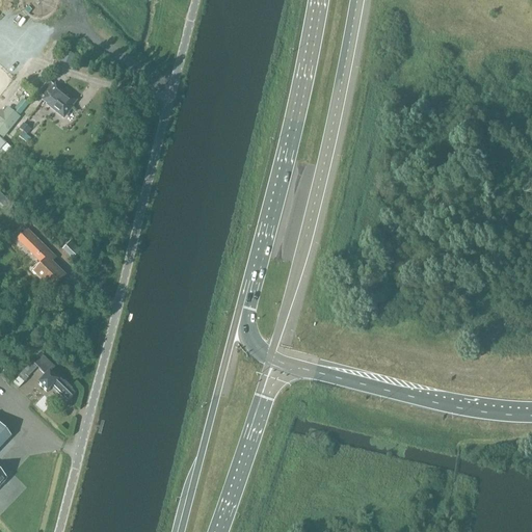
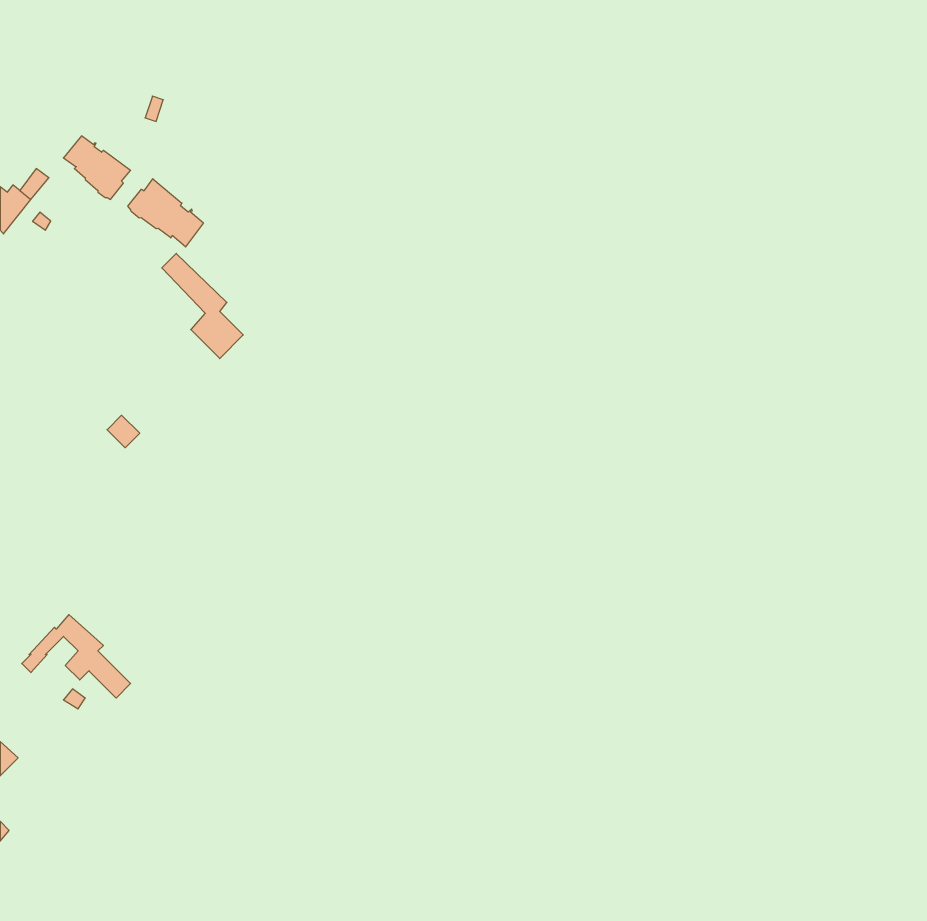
building: none -> [128,179,203,247]
building: [17,228,63,288] -> [162,253,243,359]

